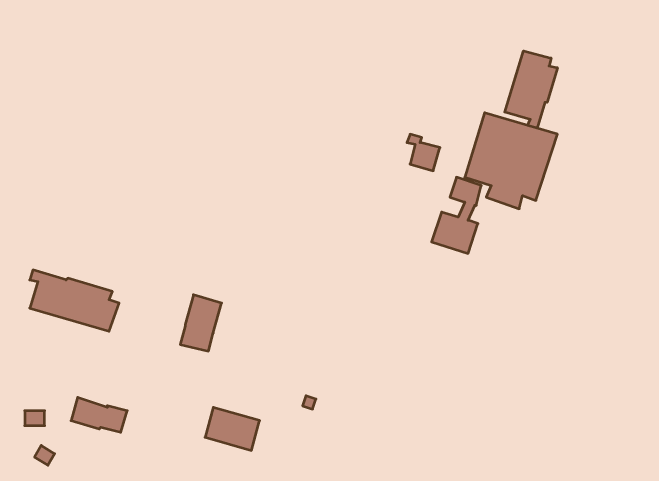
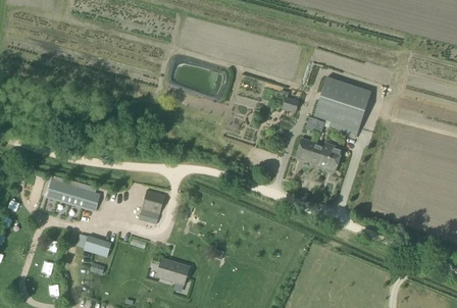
building: [505,51,557,128] -> none
building: none -> [315,144,341,172]
building: none -> [77,234,112,257]

